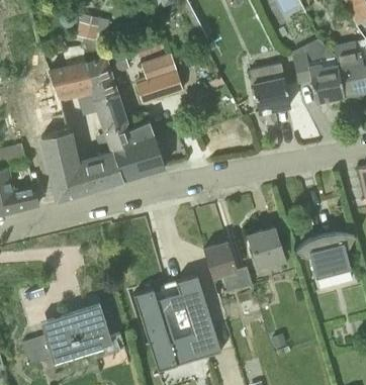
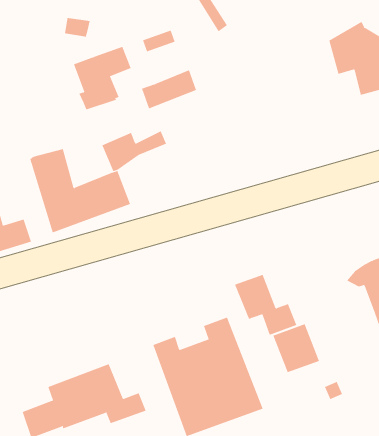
building: [142,55,177,82] -> none
building: [49,60,89,102] -> none
building: [250,64,290,113] -> none
building: [90,91,126,129] -> none
building: [113,131,165,179] -> none
building: [248,227,285,267] -> [273,324,320,373]

